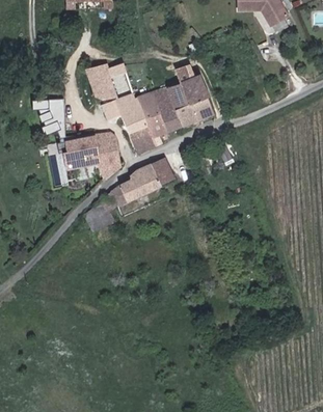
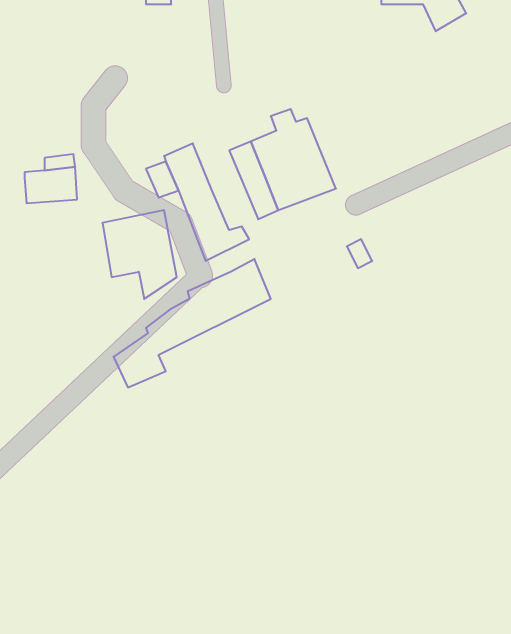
building: [84,64,130,102] -> none
building: [134,93,167,139] -> none
building: [56,135,83,170] -> none

